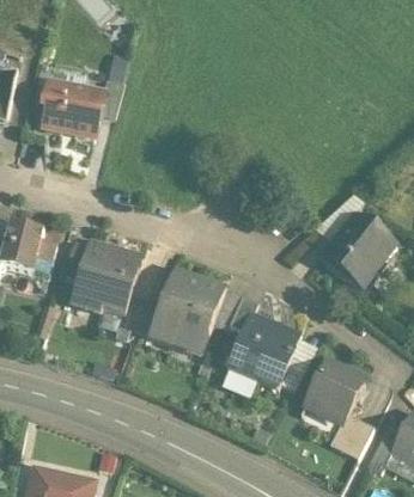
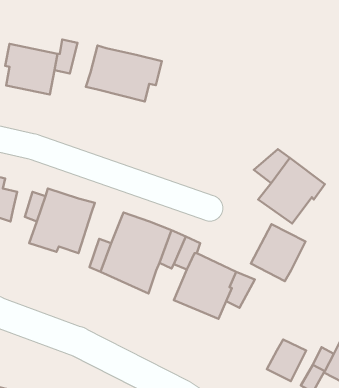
building: none -> [86,46,162,101]
building: [304,360,364,422] -> [251,224,306,281]

